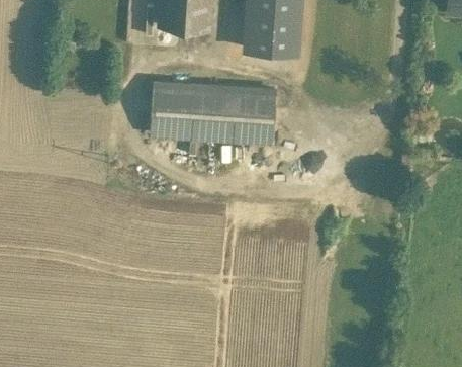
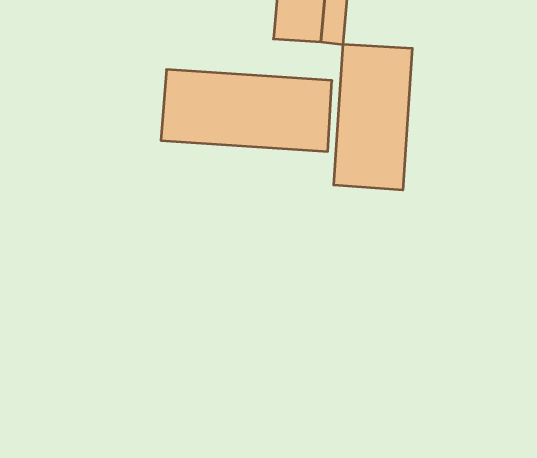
building: none -> [334,44,412,190]

